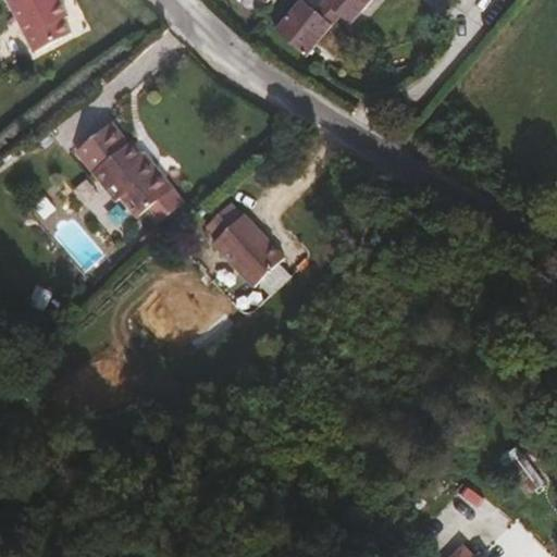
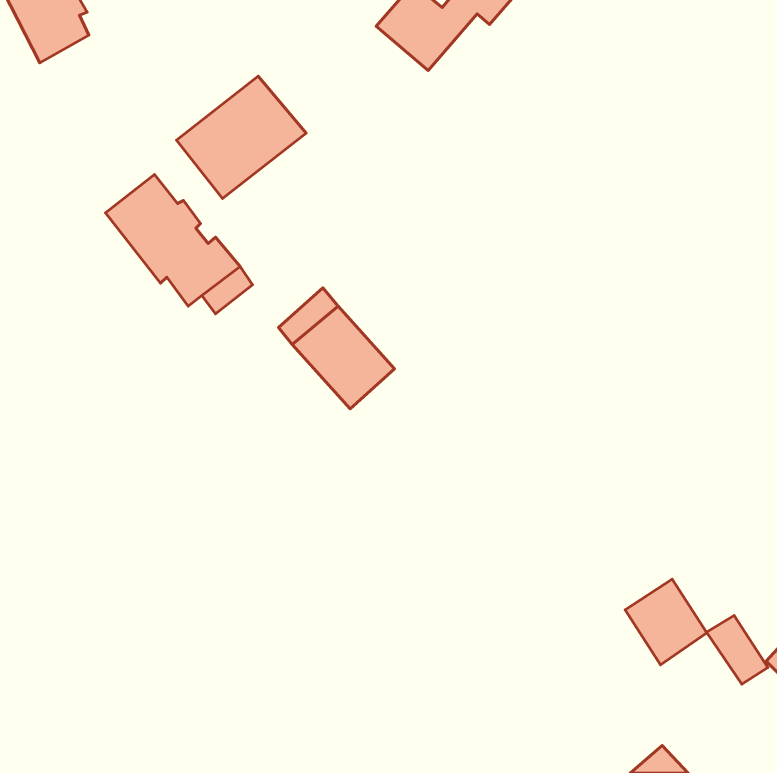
building: none -> [176,76,306,199]
building: none -> [625,579,707,665]

